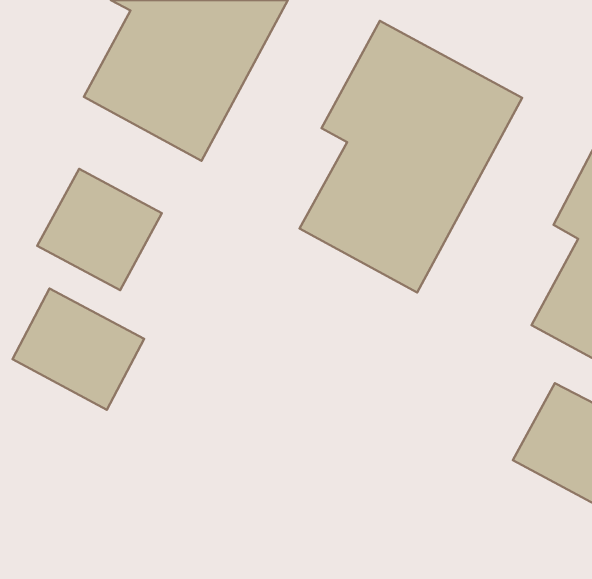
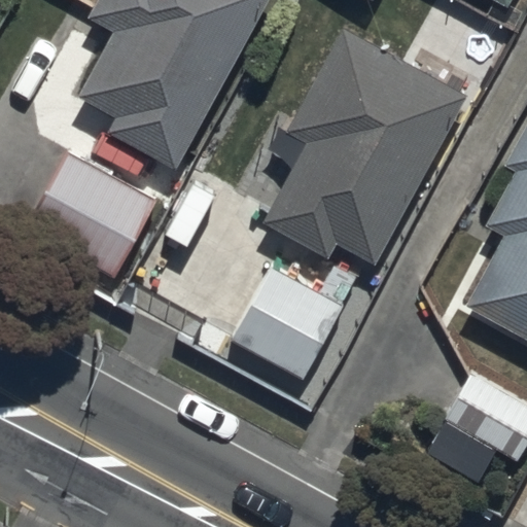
building: none -> [231,266,340,374]
building: [12,288,144,410] -> none

